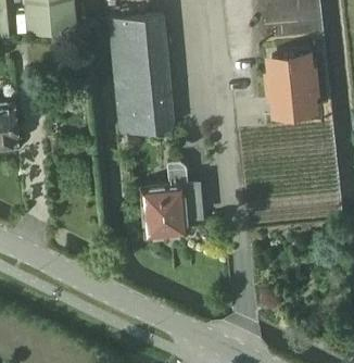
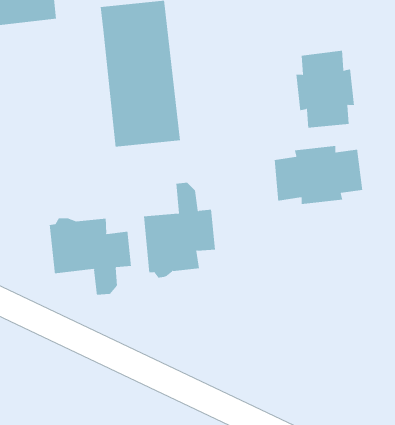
building: none -> [274,145,363,205]
building: none -> [49,218,131,296]

